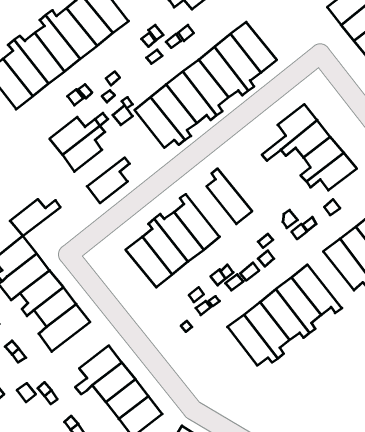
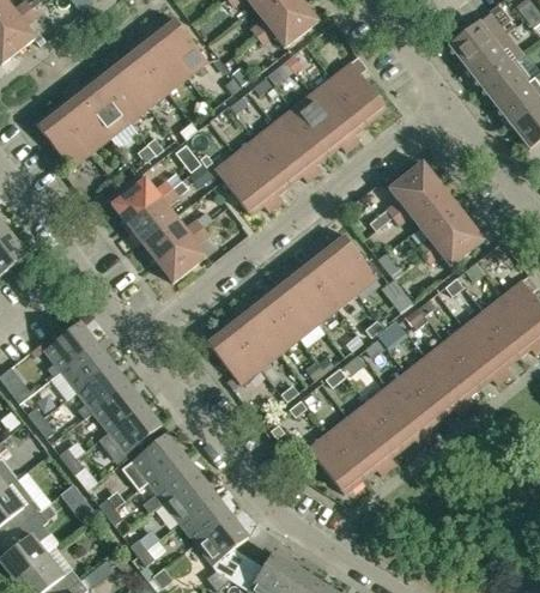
building: none -> [316,231,377,291]
building: none -> [278,261,339,322]
building: [10,199,60,236] -> [142,217,204,261]
building: none -> [425,340,481,409]
building: none -> [309,431,364,494]
building: none -> [122,432,184,489]

